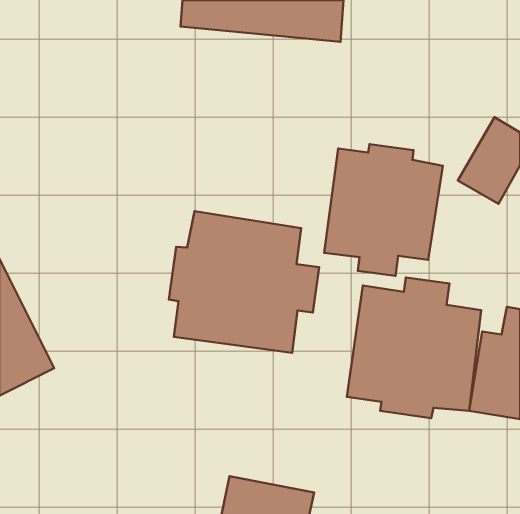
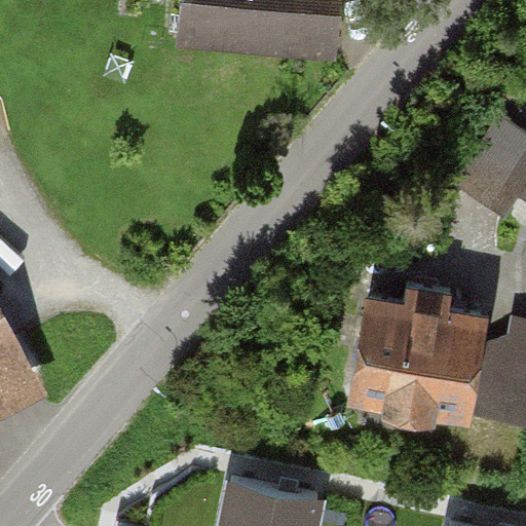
building: [324,144,443,276] -> none
building: [169,211,319,353] -> none

